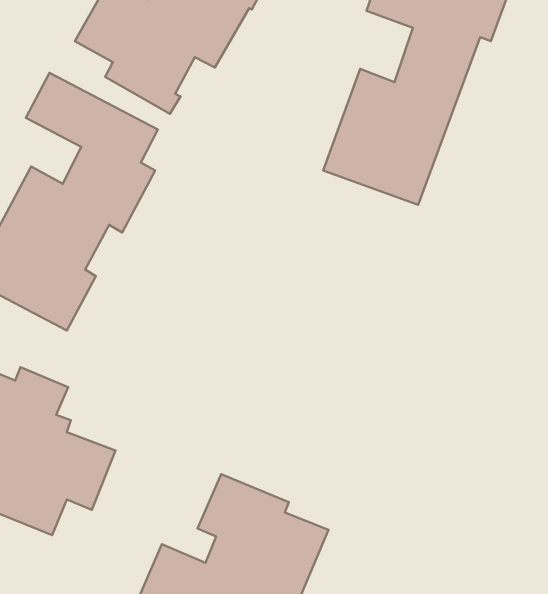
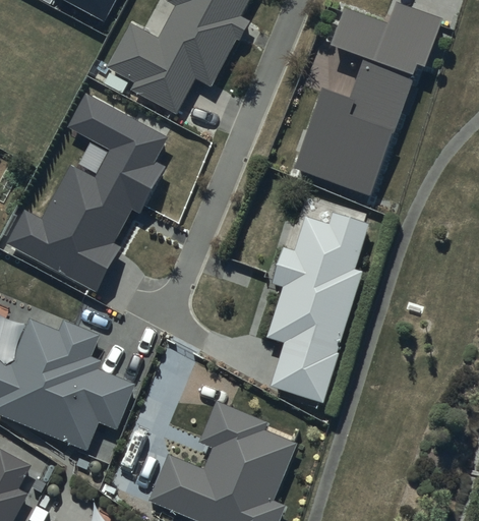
building: none -> [265,195,370,406]

